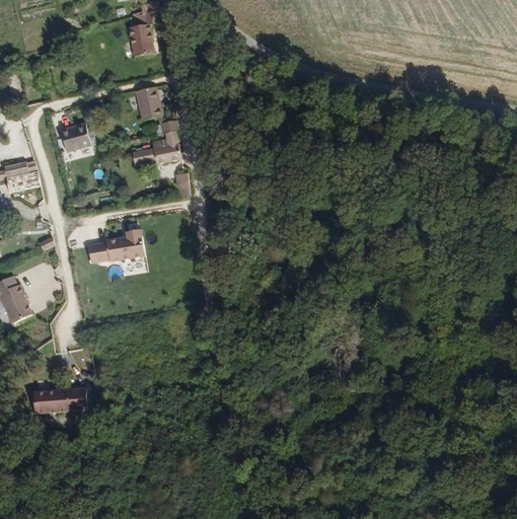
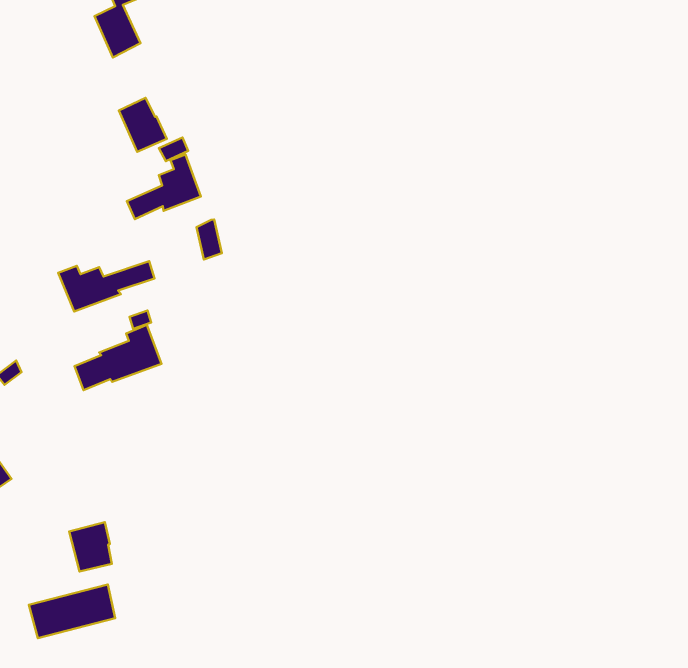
building: [62,124,90,151] -> none
building: none -> [58,261,154,312]
building: none -> [69,522,112,571]

